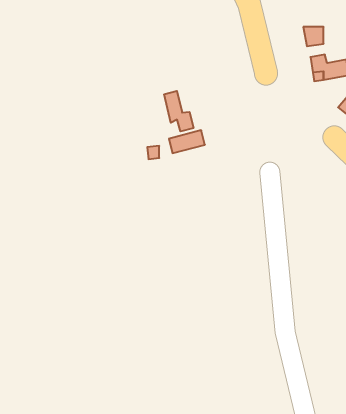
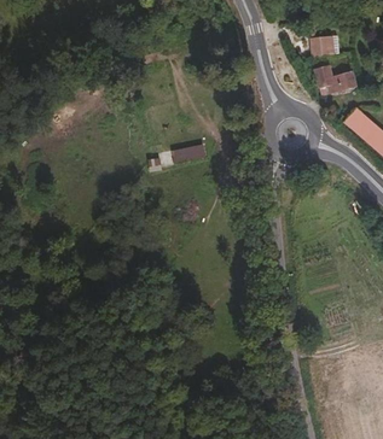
building: [164,91,193,131] -> none

